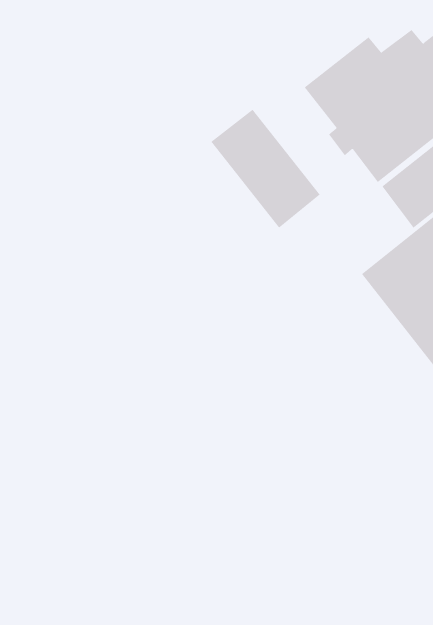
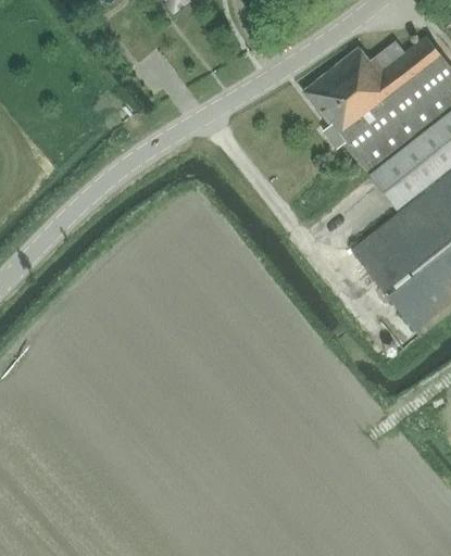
building: [210,109,320,229] -> none

